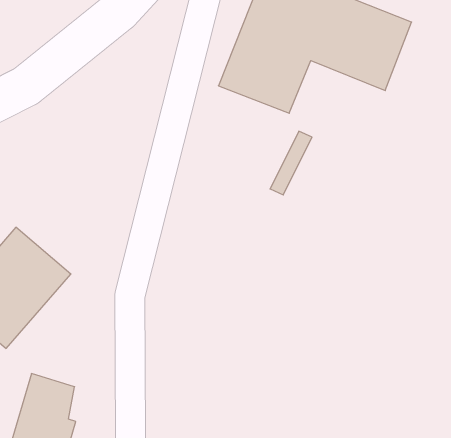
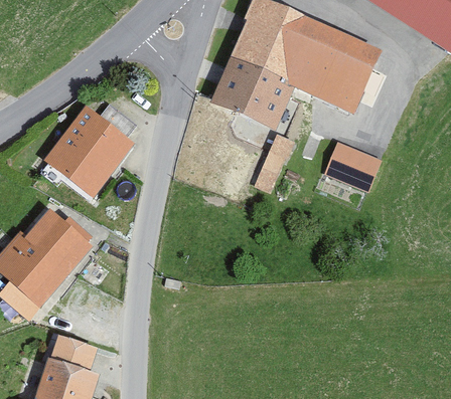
building: none -> [47,117,125,195]
building: none -> [327,144,375,186]

